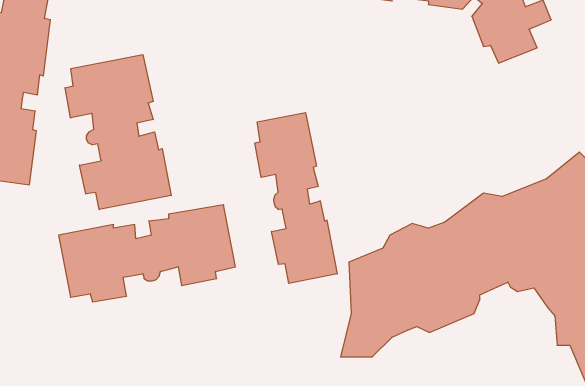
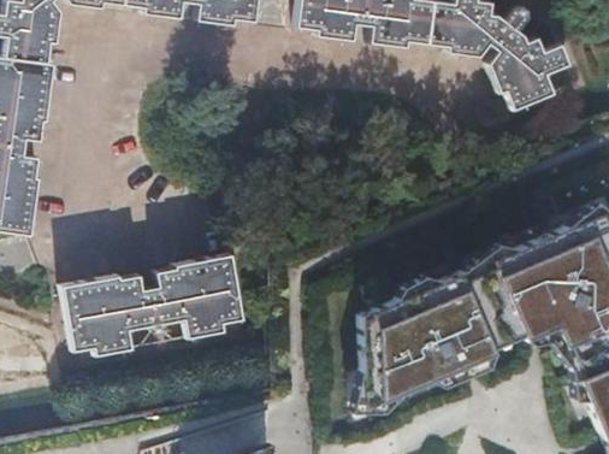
building: [65,55,171,210] -> none
building: [255,113,337,283] -> none

